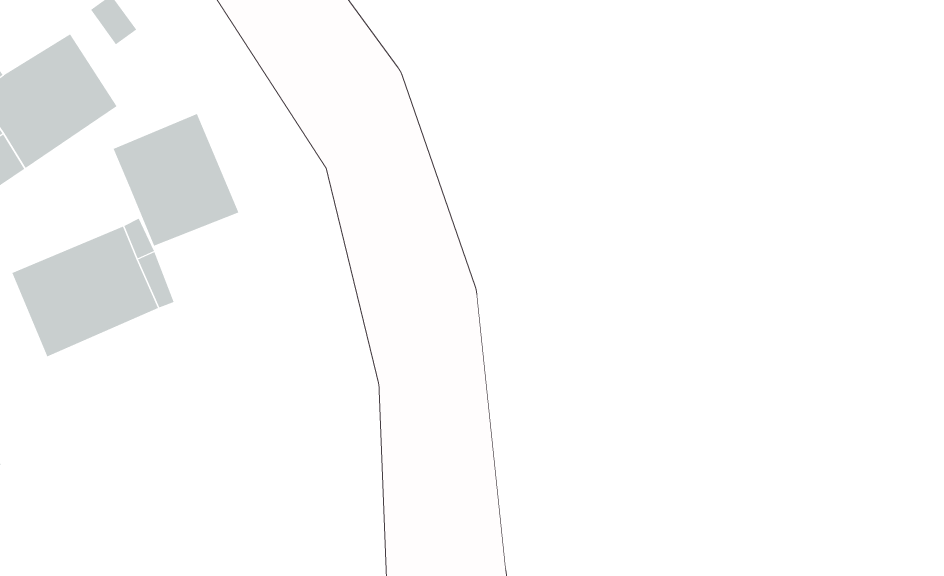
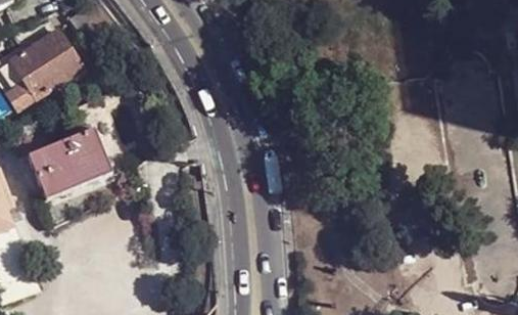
building: [113,113,239,247] -> none

